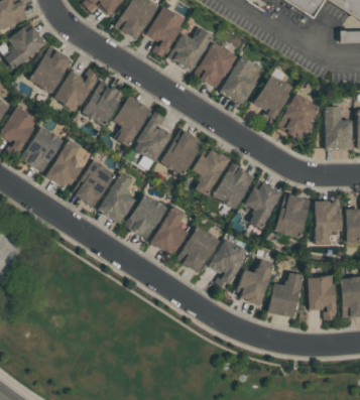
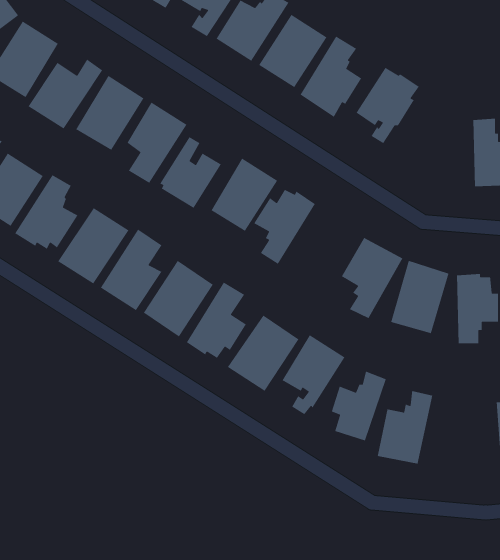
building: [275,93,319,140] -> none
building: [212,161,255,209] -> none
building: [307,277,336,320] -> none

